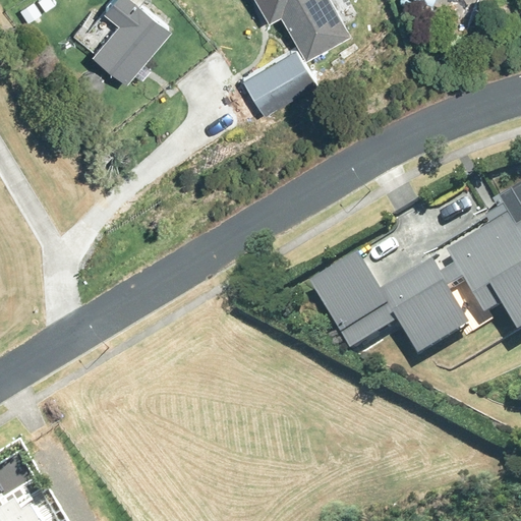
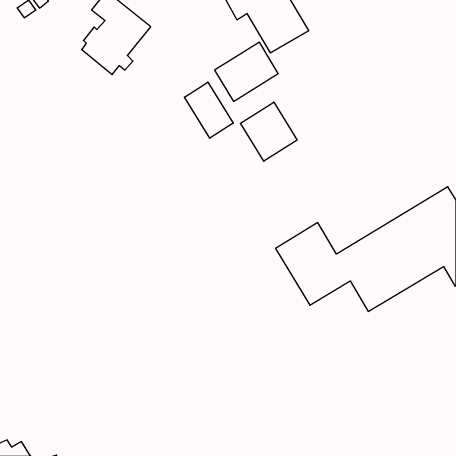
building: none -> [184,82,233,138]
building: none -> [240,102,297,161]

